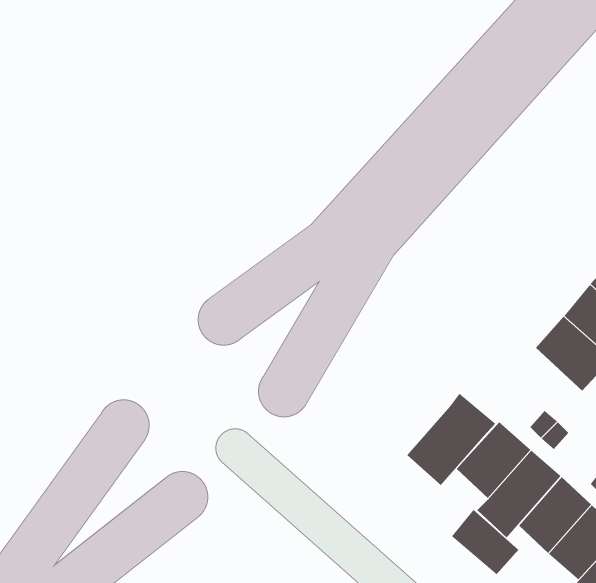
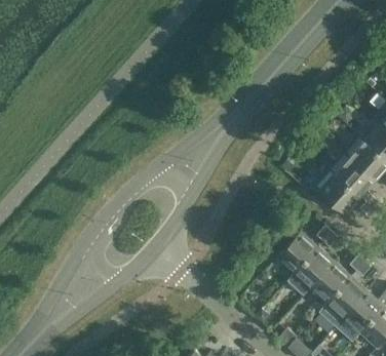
building: [407,393,496,486] -> none
building: [451,509,519,575] -> none

